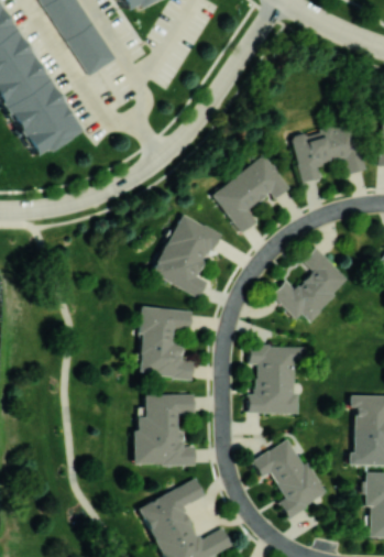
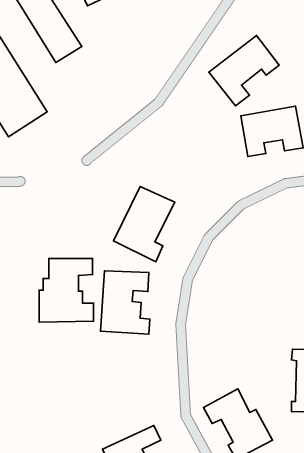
building: [212,154,290,232] -> [209,36,279,106]
building: [272,245,350,320] -> none
building: [249,345,305,413] -> none
building: [134,394,195,465] -> [39,259,93,322]

